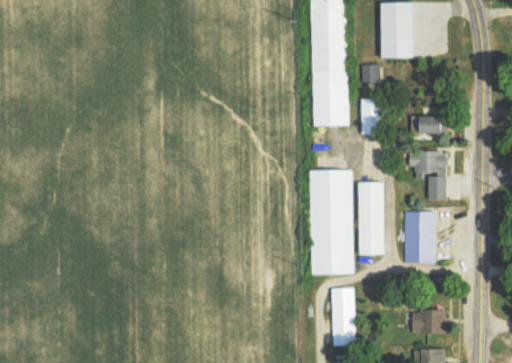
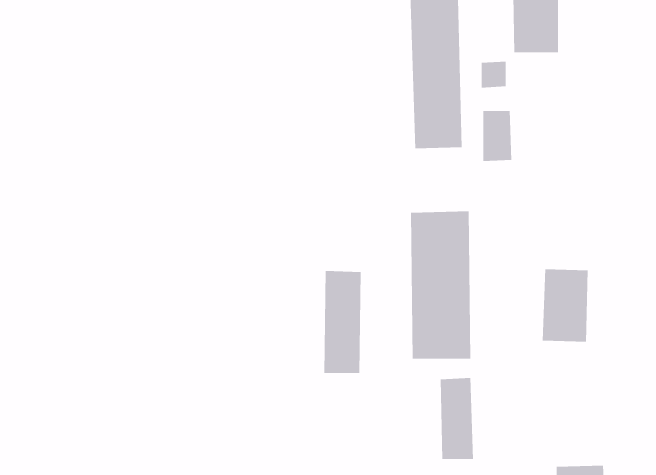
building: [411,115,448,135] -> none
building: [410,151,448,199] -> none
building: [359,181,386,254] -> [323,270,362,374]
building: [413,310,447,333] -> none

